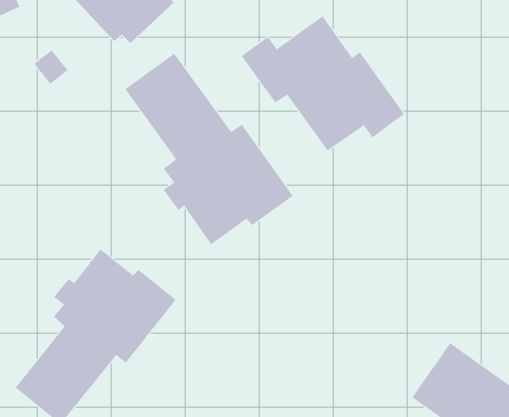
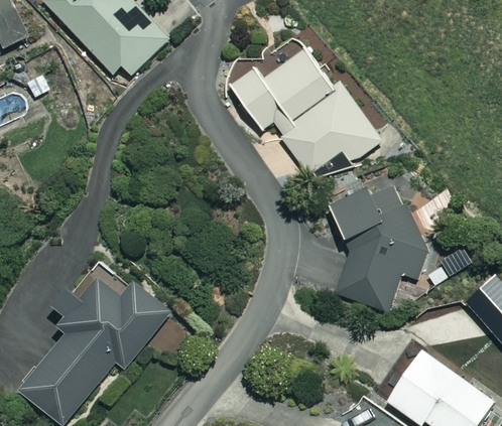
building: [125,53,293,245] -> none
building: none -> [329,178,425,309]

